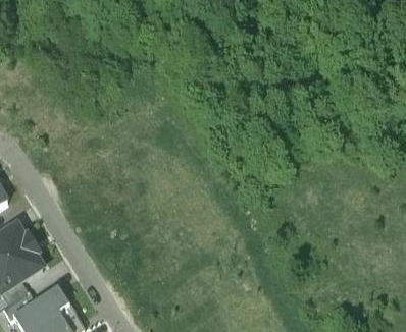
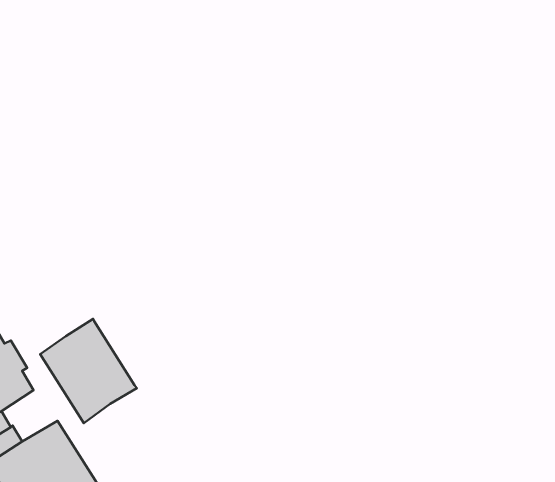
building: none -> [40,319,137,423]

